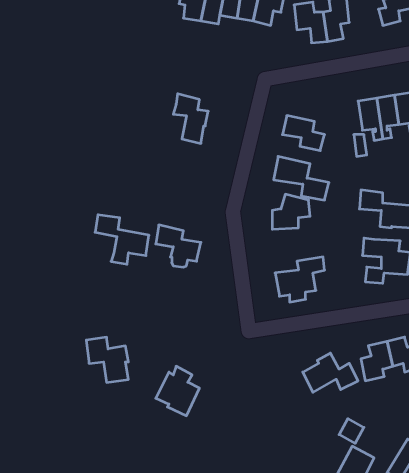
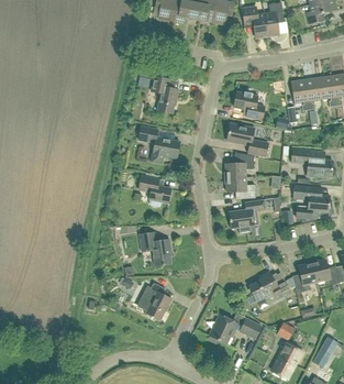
building: [95,215,149,264] -> [138,127,179,164]
building: none -> [225,177,255,199]
building: [86,337,128,382] -> [140,232,171,266]
building: none -> [207,314,262,344]

